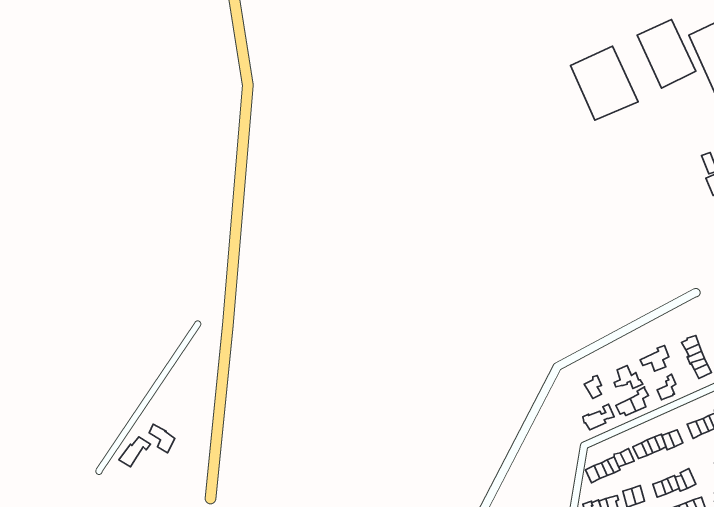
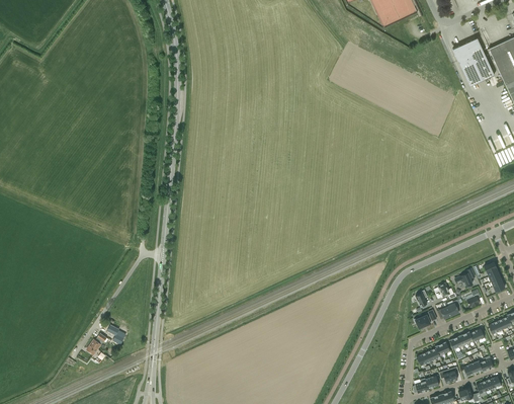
building: [570,46,638,120] -> none

